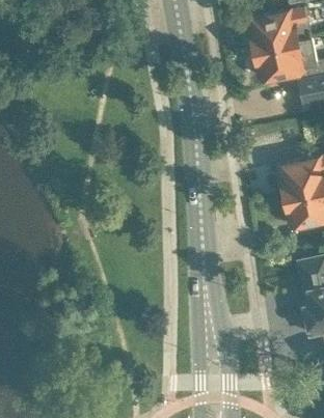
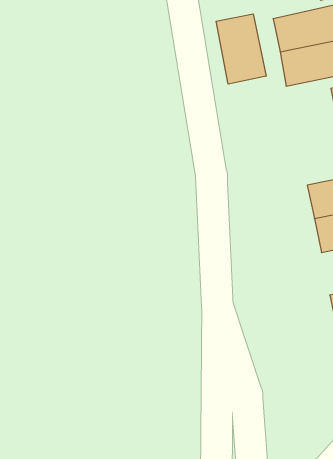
building: none -> [216,14,266,84]

